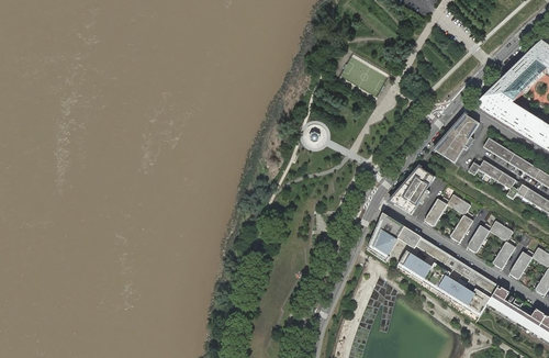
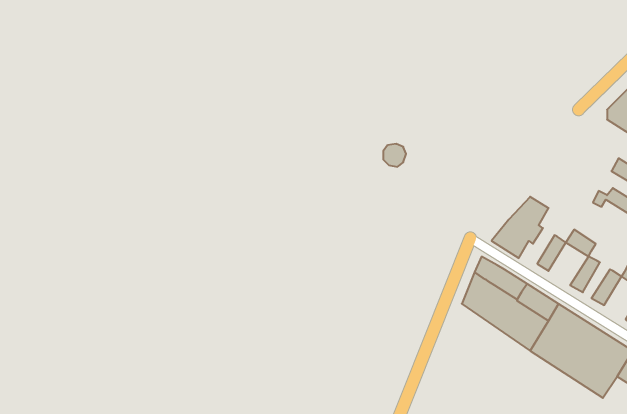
building: [434,114,479,163] -> none

